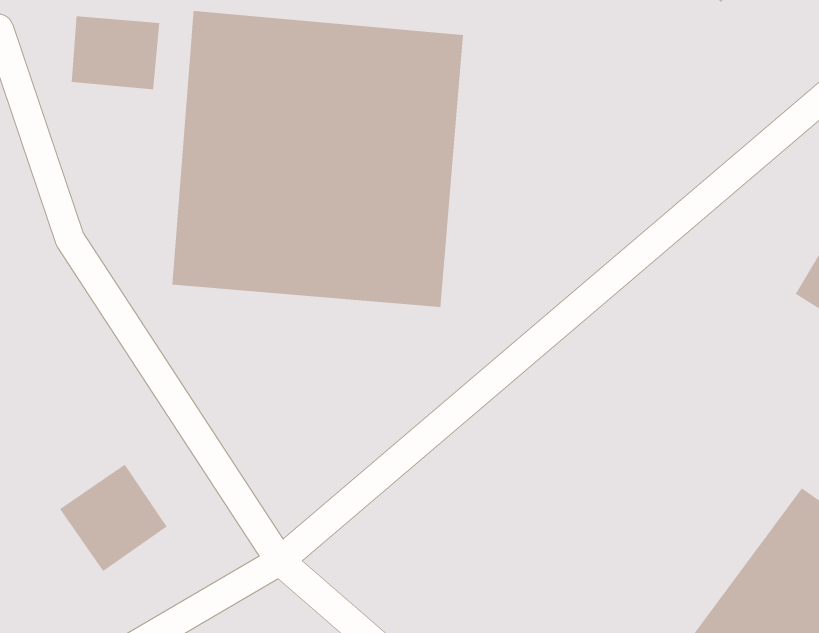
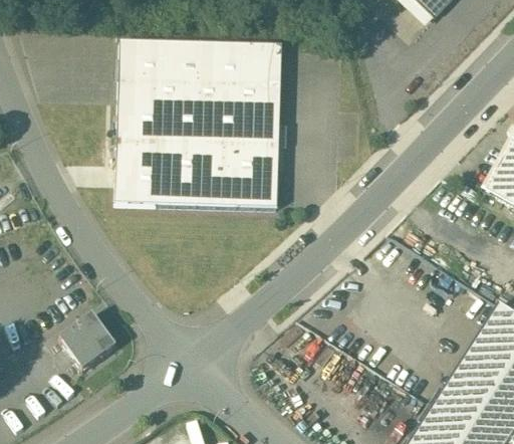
building: [71,16,160,90] -> none

